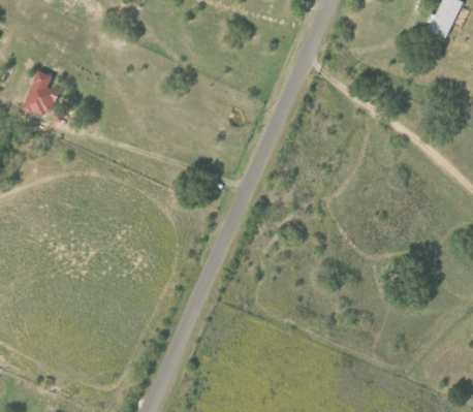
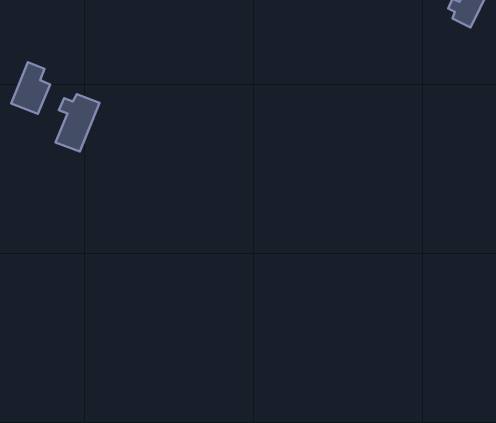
building: none -> [55,94,100,151]

